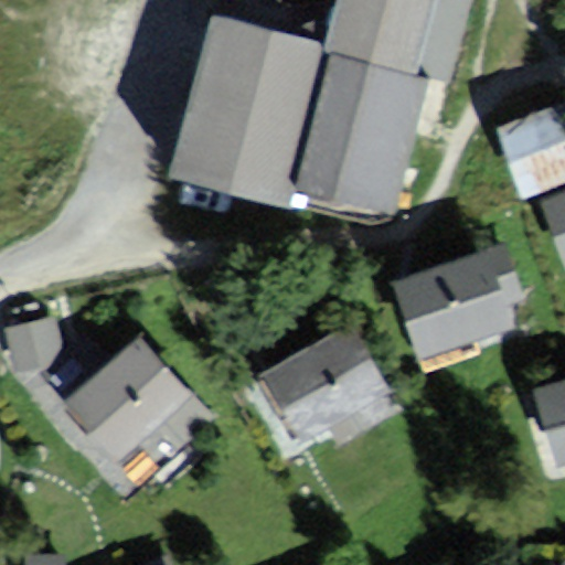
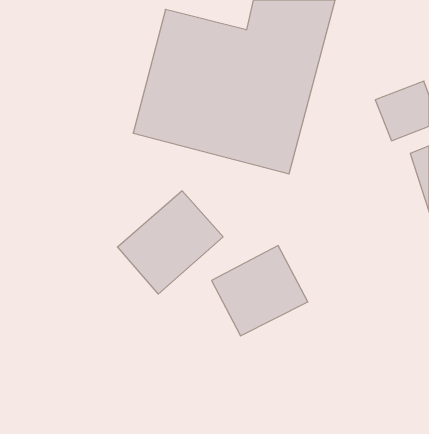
building: [401,248,525,365] -> none
building: [65,335,202,469] -> [117,191,223,294]

